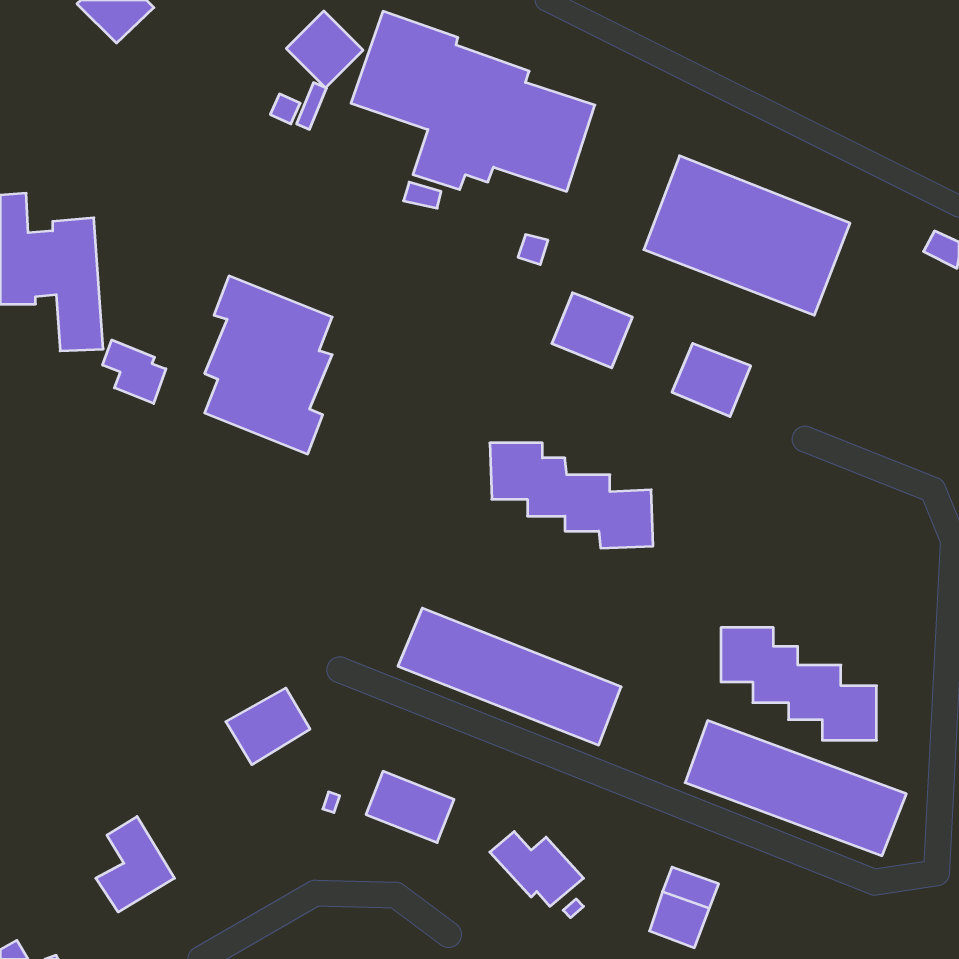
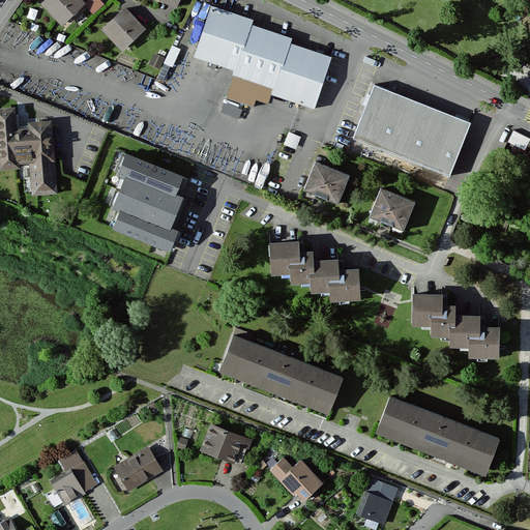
building: [286,11,363,88] -> [102,8,145,51]
building: [103,340,166,404] -> none
building: [721,628,877,740] -> [413,296,499,358]
building: [226,688,310,765] -> [115,448,161,491]

